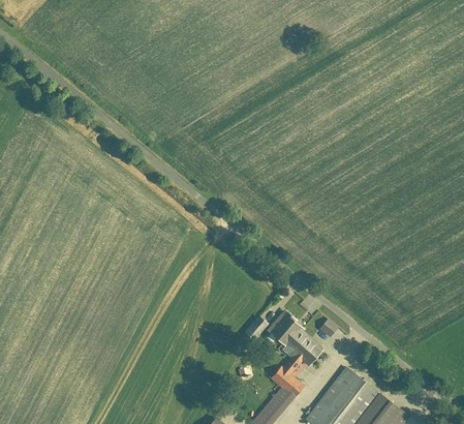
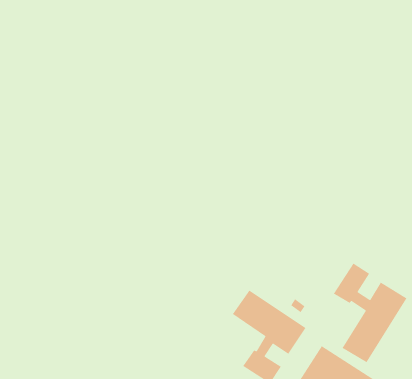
building: none -> [333,263,408,363]

